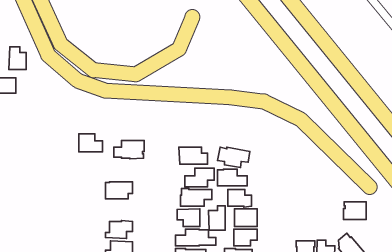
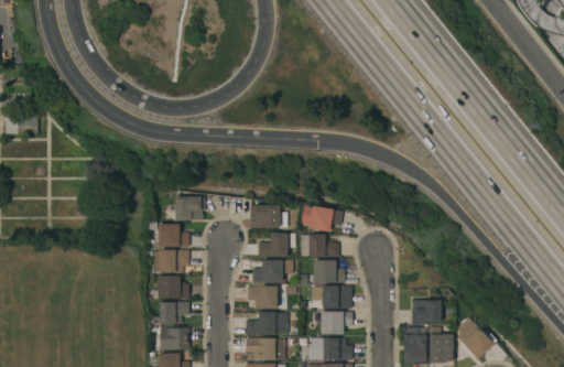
building: [9,47,26,69] -> none
building: [79,134,102,152] -> [159,224,189,247]
building: none -> [158,276,189,299]
building: [343,202,366,220] -> [412,300,442,323]
building: [208,206,225,230] -> none

